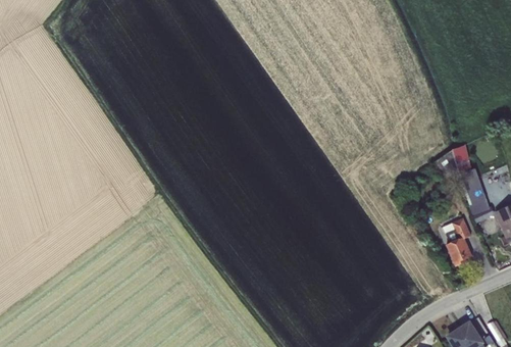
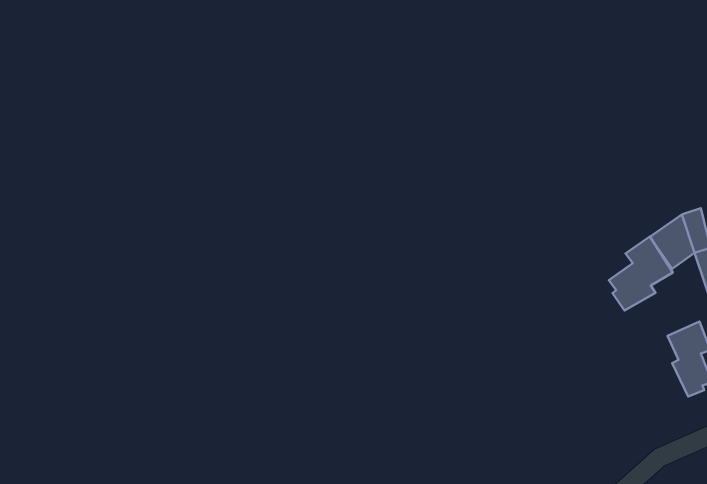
building: none -> [609,237,673,310]

